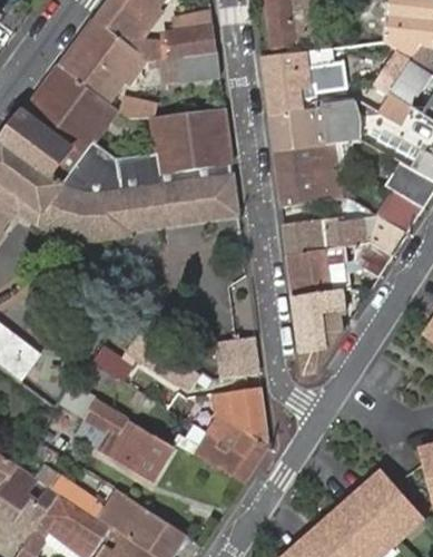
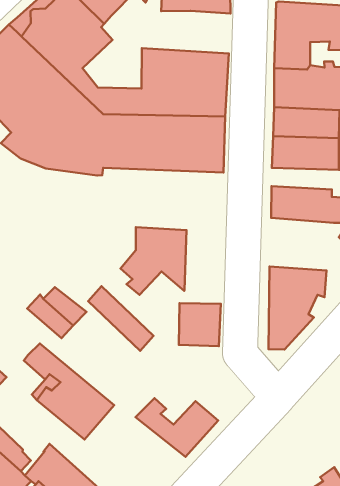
building: [287,246,351,295] -> none
building: [207,388,268,453] -> [121,227,187,295]

